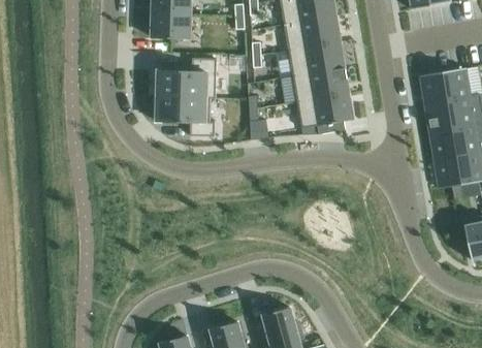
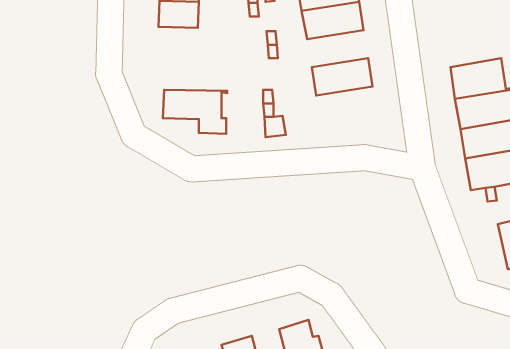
building: [289,41,345,75] -> none
building: [158,58,217,97] -> none
building: [297,93,354,128] -> none

